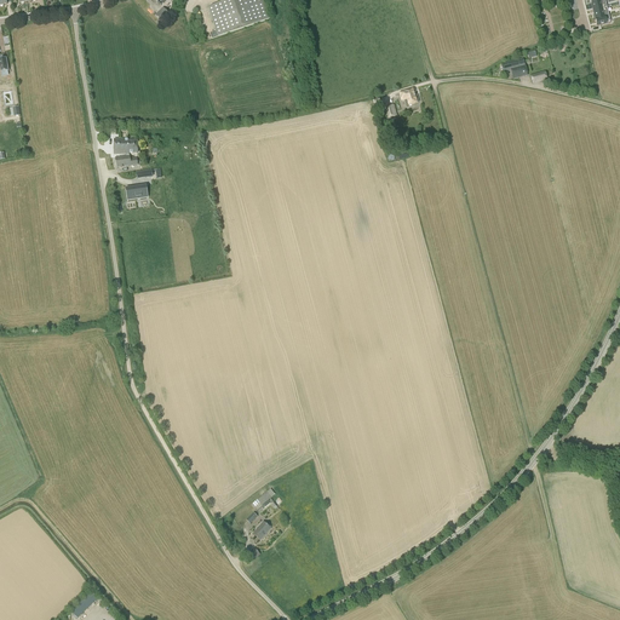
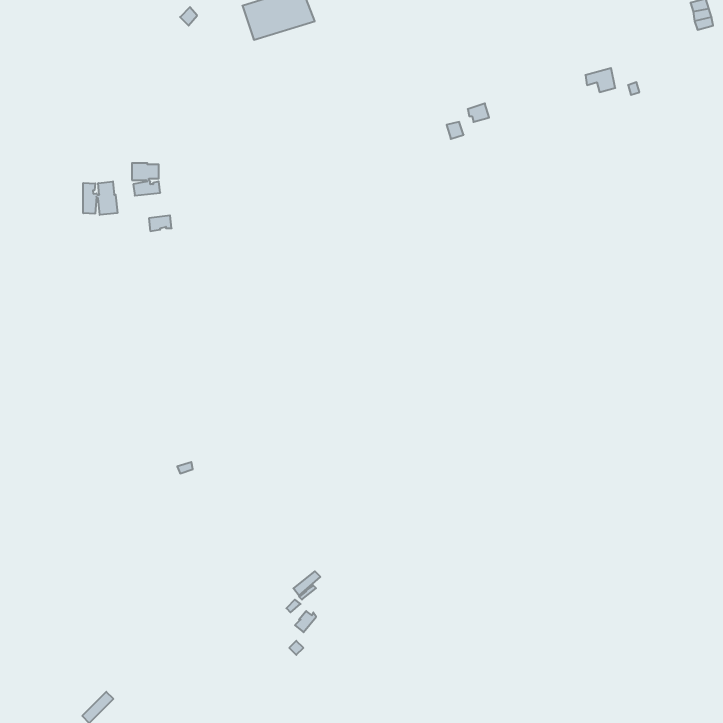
building: none -> [83,181,117,215]

